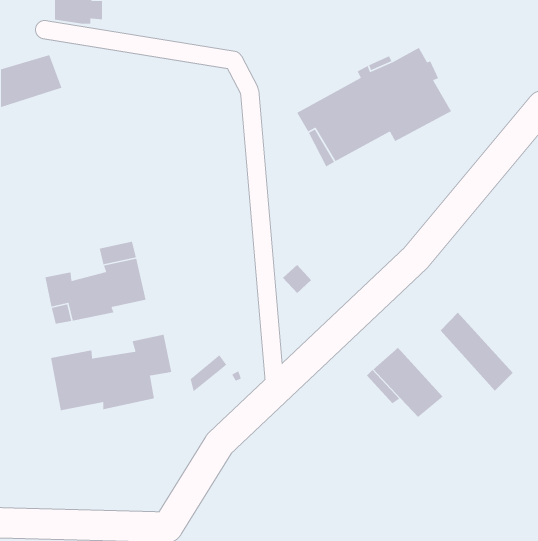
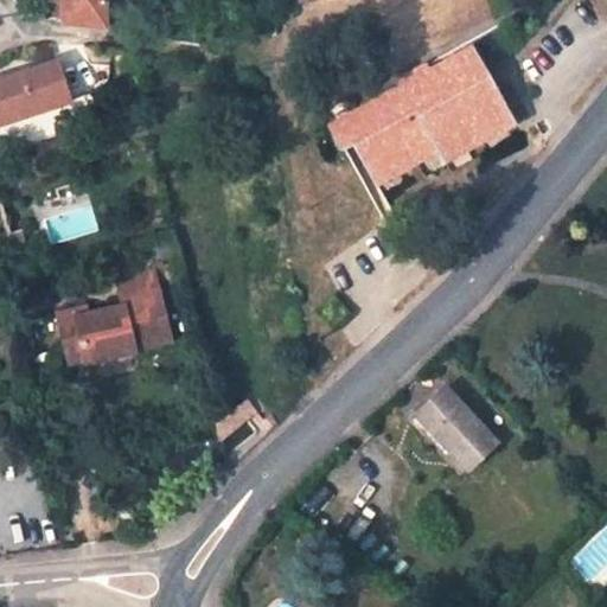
building: [440,312,514,391] -> none
building: [50,334,172,411] -> none

